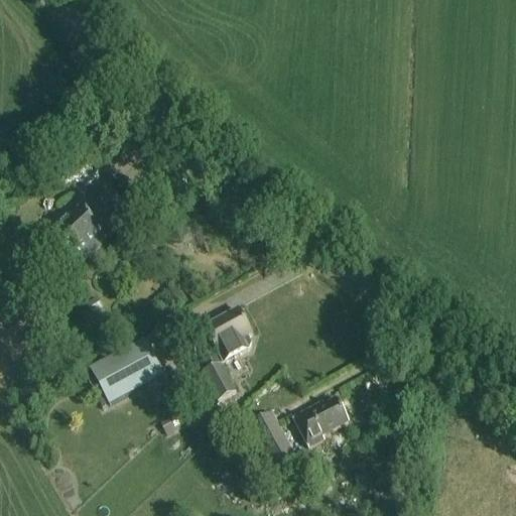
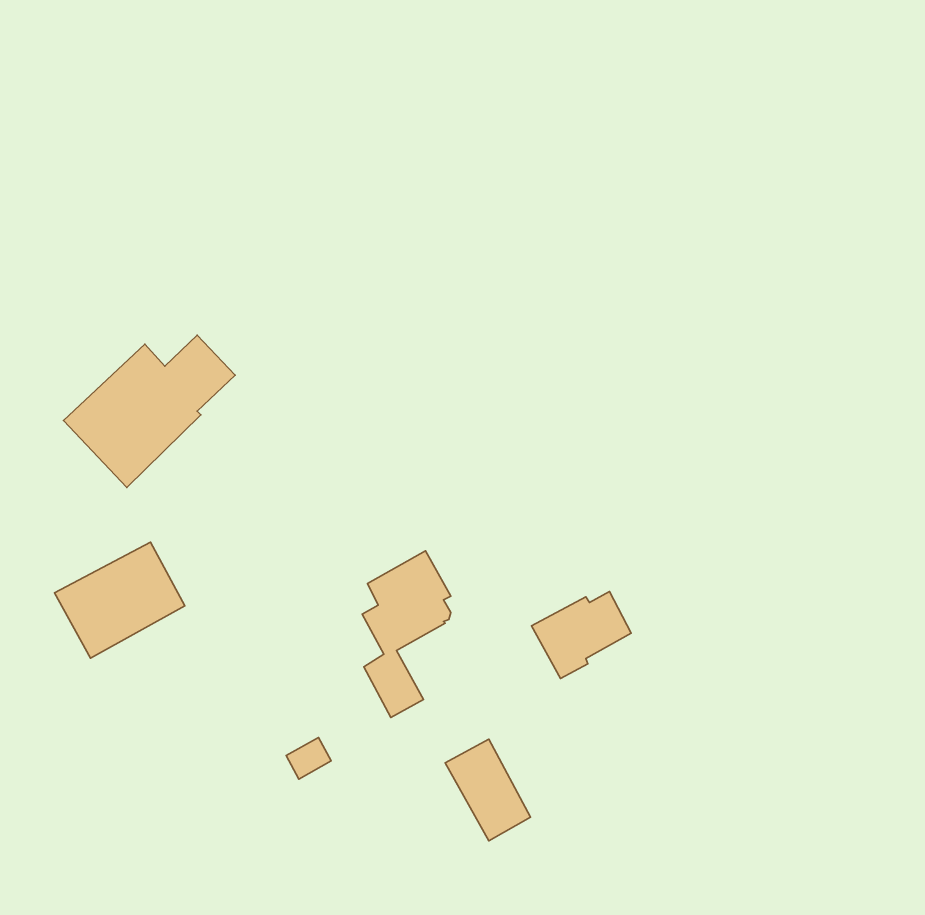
building: [90,338,162,402] -> [54,542,185,658]
building: [292,397,348,445] -> [532,592,631,678]

